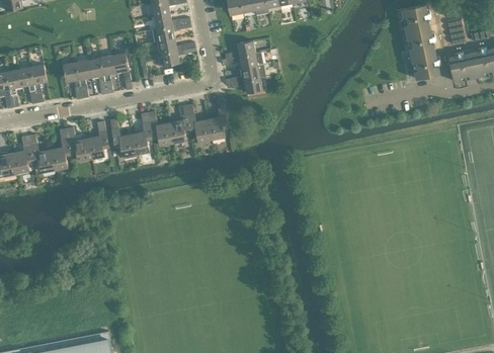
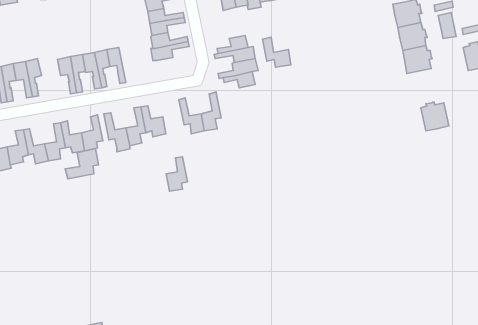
building: none -> [262,37,291,67]
building: [448,52,477,81] -> [421,102,449,131]
building: [169,105,190,140] -> [166,157,187,191]
building: none -> [65,148,98,179]

